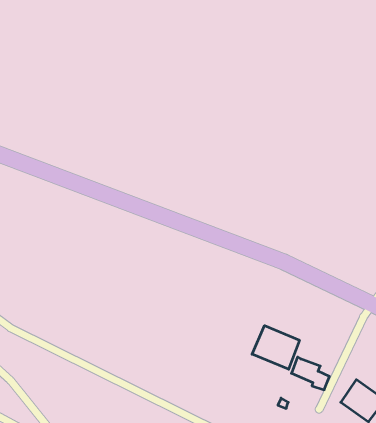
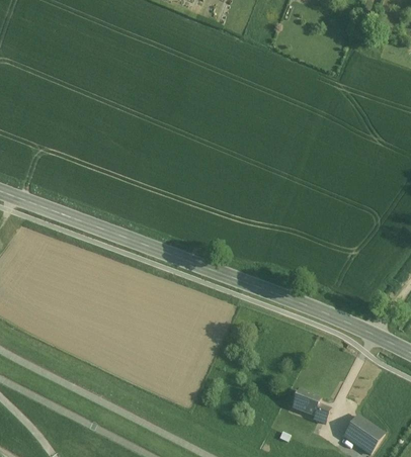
building: [252,326,299,369] -> none

